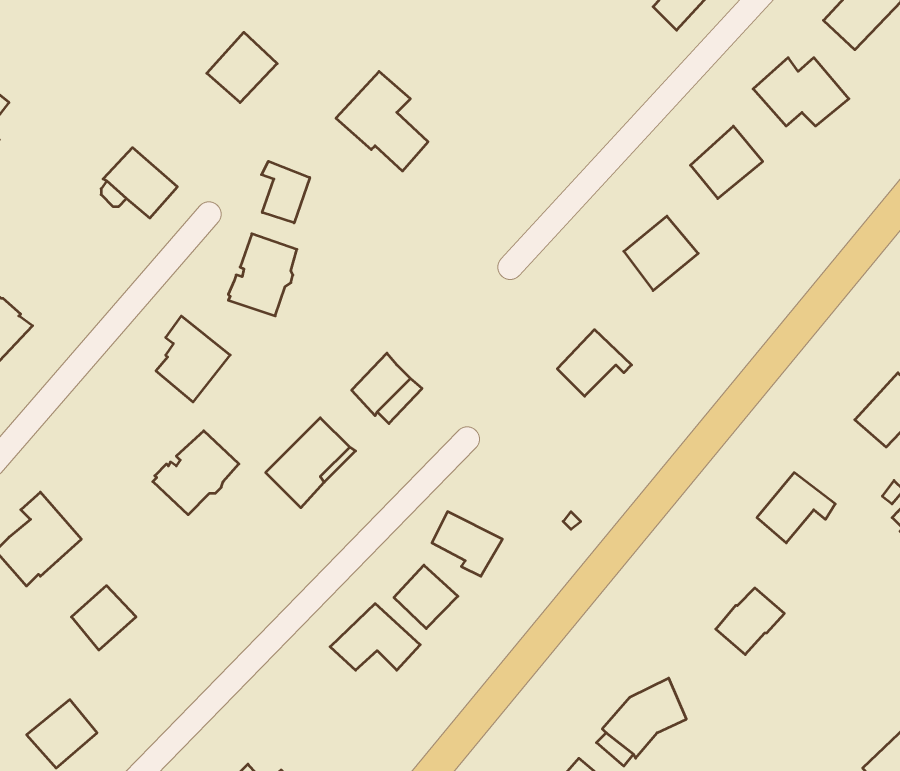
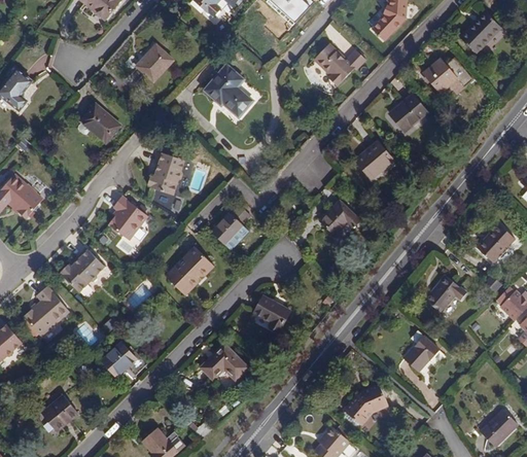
building: none -> [317,42,370,84]
building: [261,161,310,223] -> none
building: [153,431,239,515] -> [60,248,105,292]
building: [394,565,458,629] -> none
building: [71,586,136,650] -> [102,343,136,377]

